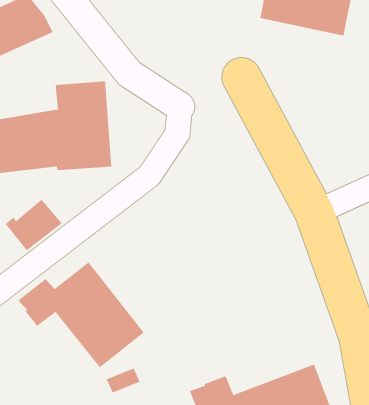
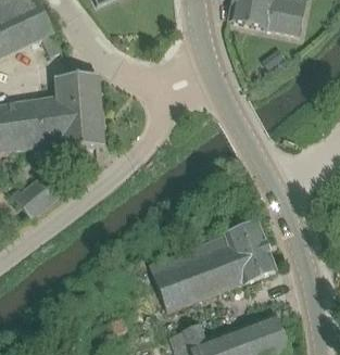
building: none -> [149,220,276,312]
building: [17,262,145,368] -> none

